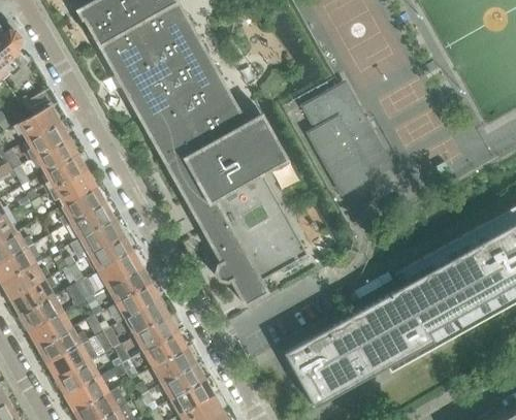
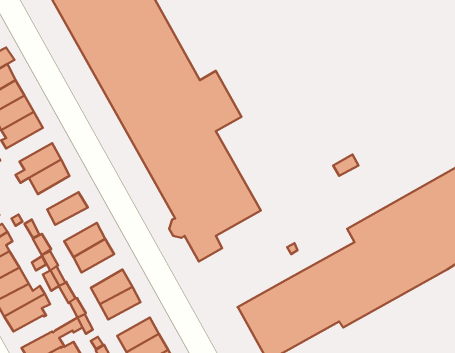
building: [301,82,391,193] -> none
building: [49,170,95,204] -> none
building: [69,219,122,259] -> none
building: [98,251,140,285] -> none
building: [125,298,166,332] -> none
building: [152,347,194,381] -> none
building: [56,360,98,393] -> none

